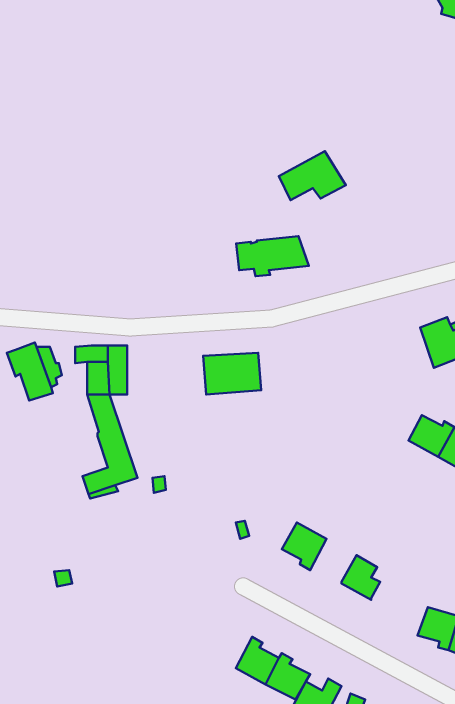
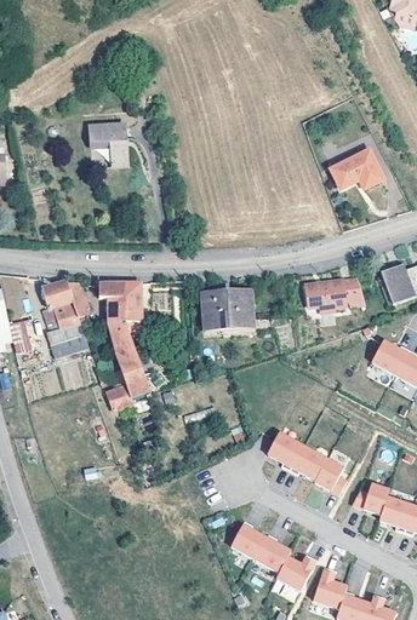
building: none -> [90,121,128,163]
building: [279,151,346,200] -> [330,148,384,188]
building: [236,236,309,276] -> [307,275,366,308]
building: none -> [45,306,85,348]
building: none -> [291,441,329,476]
building: none -> [352,483,389,513]

